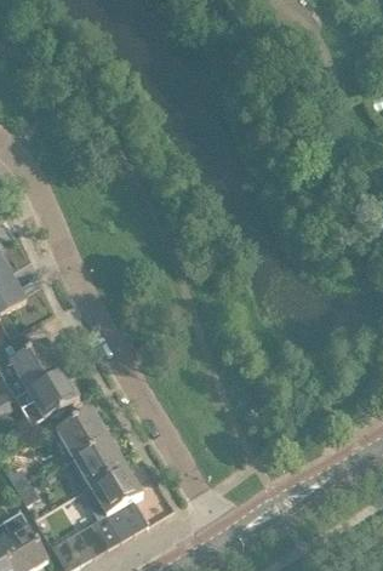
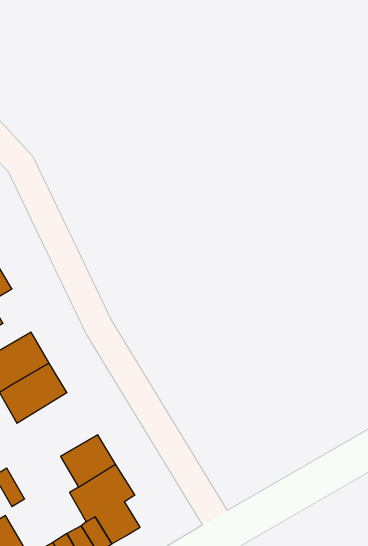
building: [55,406,107,456] -> none

